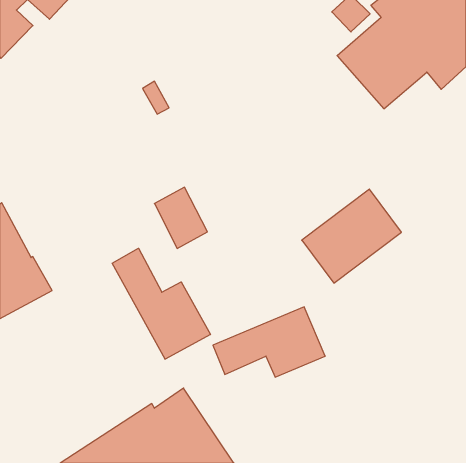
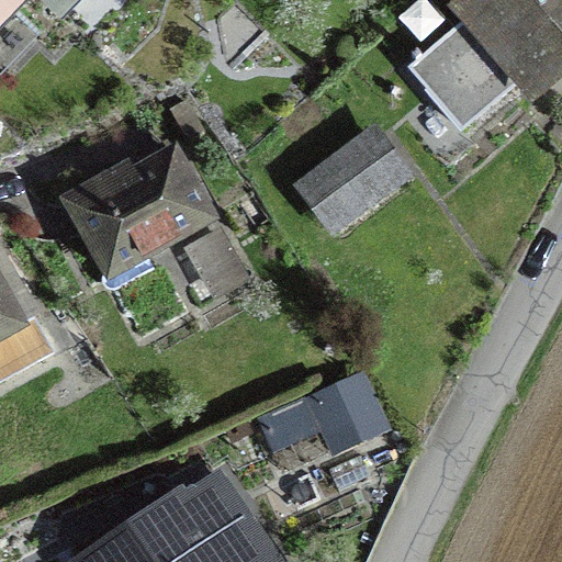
building: none -> [58,142,218,292]
building: [302,189,401,283] -> [293,123,413,236]
building: [112,248,210,359] -> none

